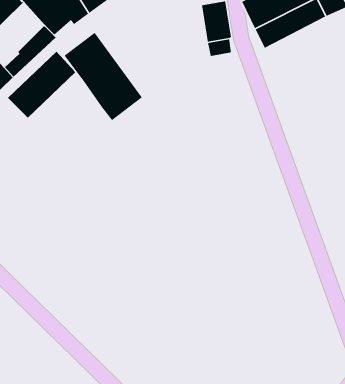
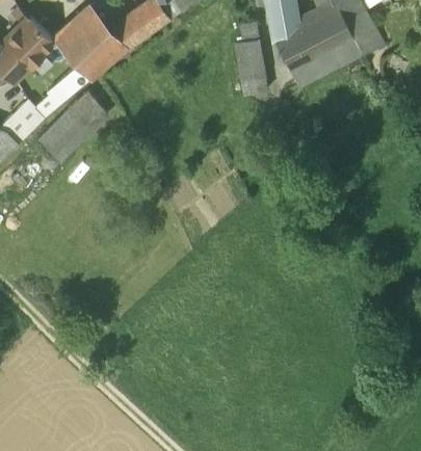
building: [64,32,143,121] -> none

